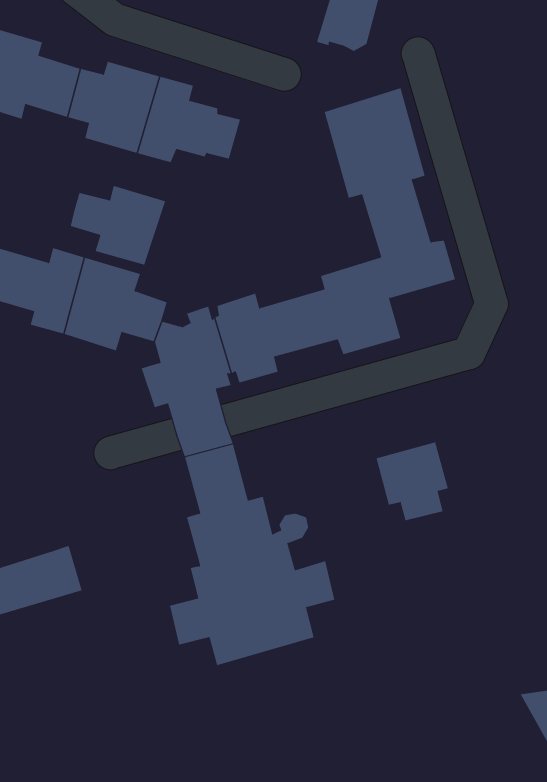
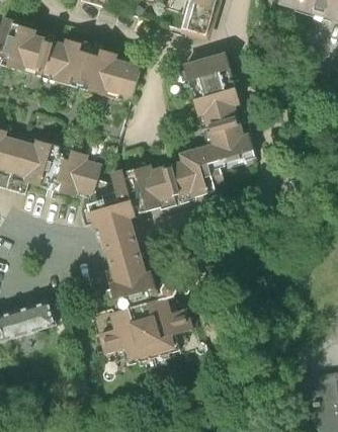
building: [70,185,166,265] -> none
building: [376,441,448,521] -> none

